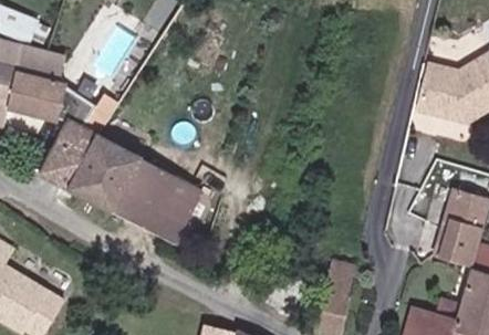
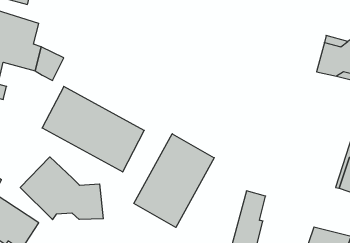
building: [42,117,97,185] -> none
building: none -> [134,134,214,227]
building: none -> [20,157,103,220]

